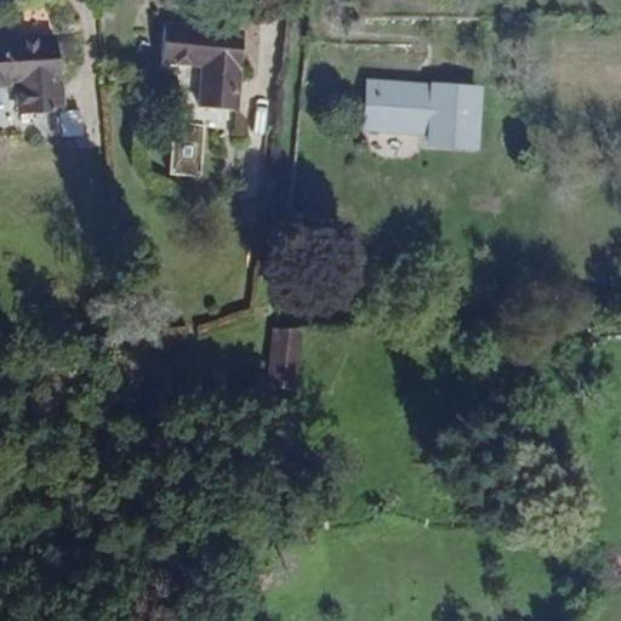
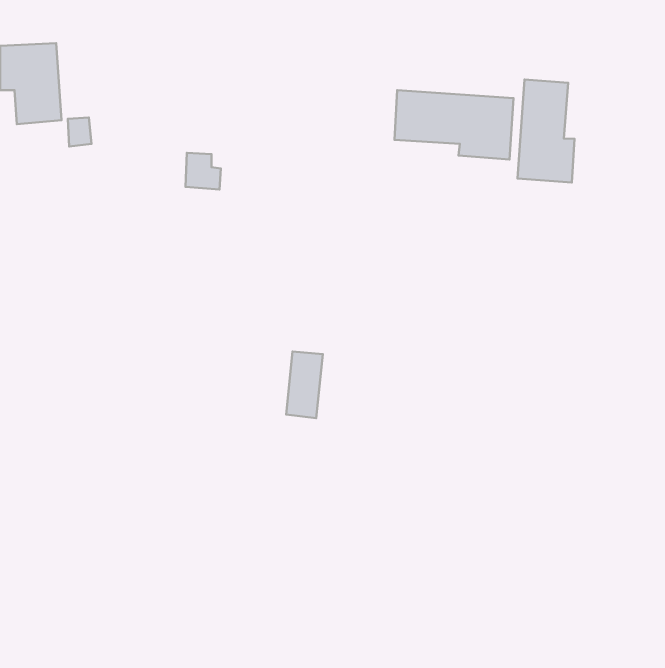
building: [159,28,240,110] -> none
building: none -> [518,79,574,182]

